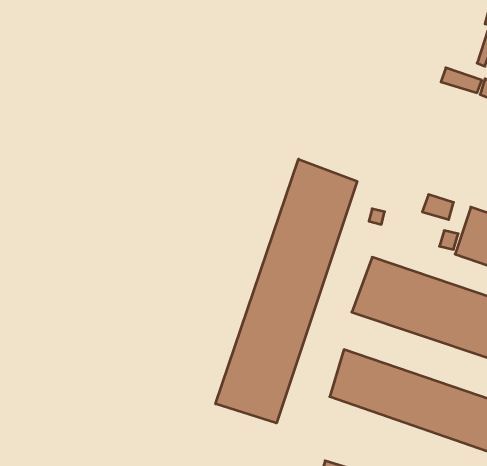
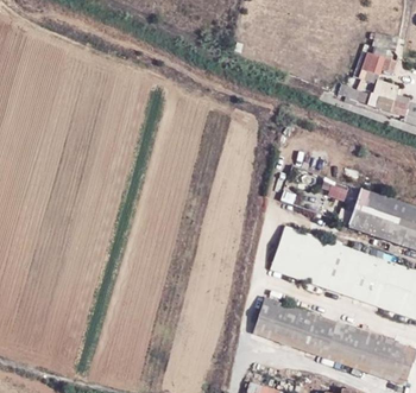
building: [216,159,357,423] -> none

